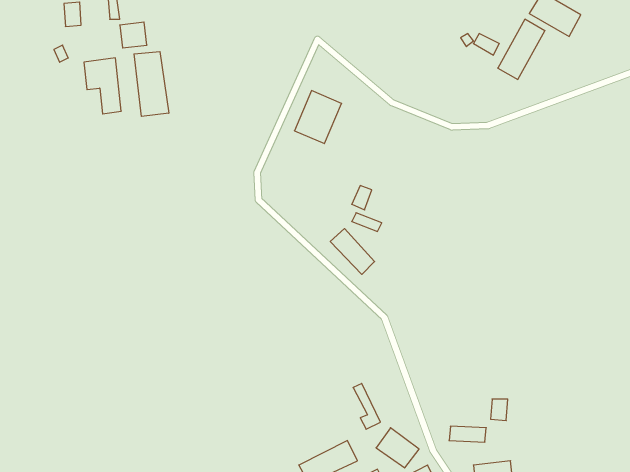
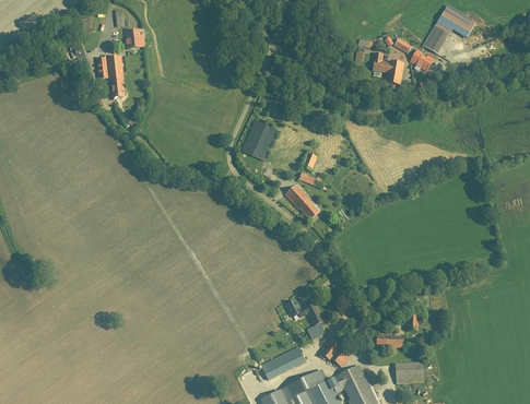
building: [134,52,169,116] -> none
building: none -> [372,51,404,83]
building: [294,91,342,144] -> [240,120,276,161]

